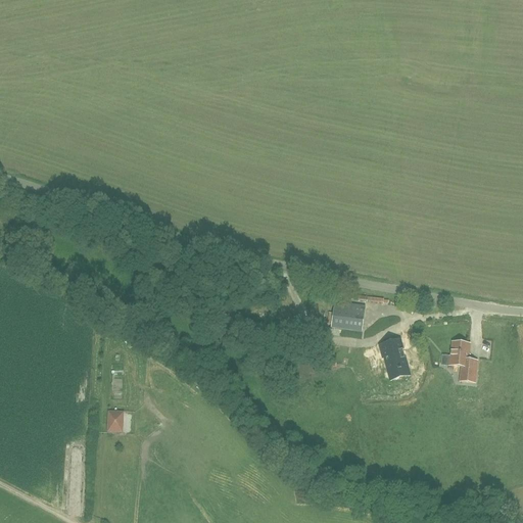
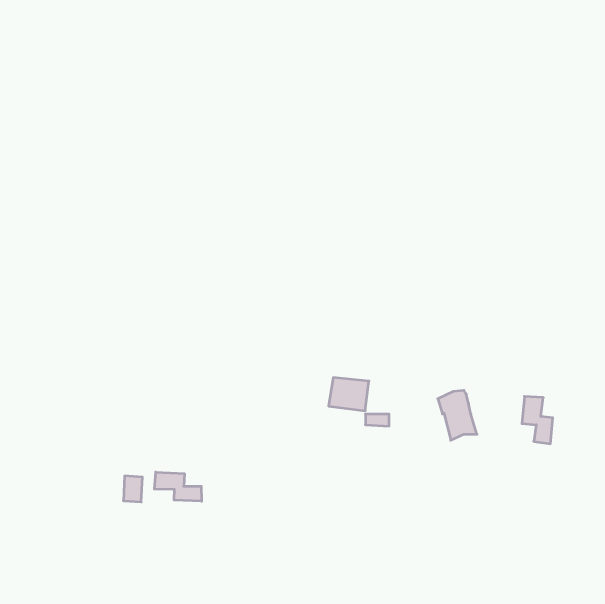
building: [330,302,365,331] -> [329,378,369,411]
building: none -> [154,472,202,501]

